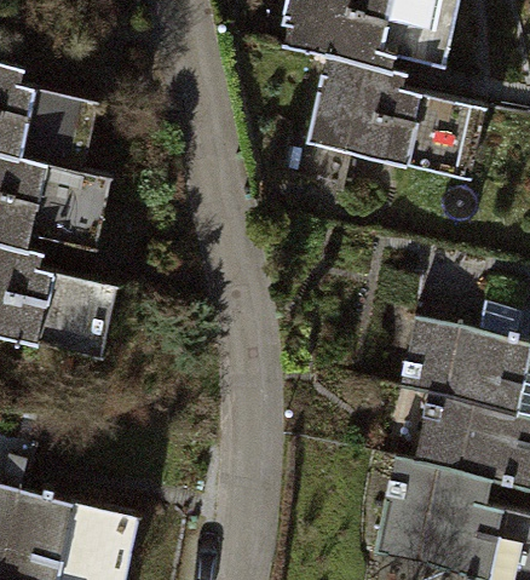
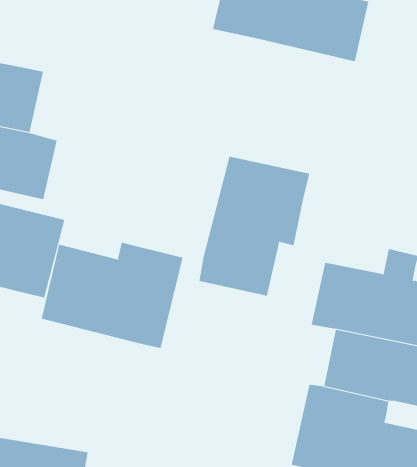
building: [319,61,495,173] -> none
building: none -> [199,156,310,297]
building: none -> [41,242,183,349]

